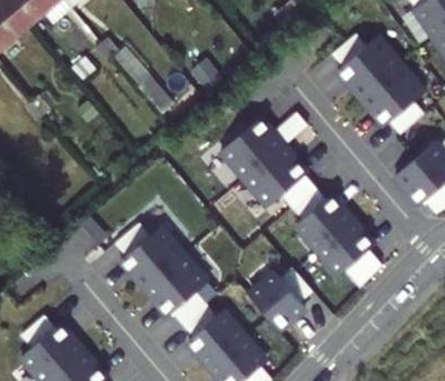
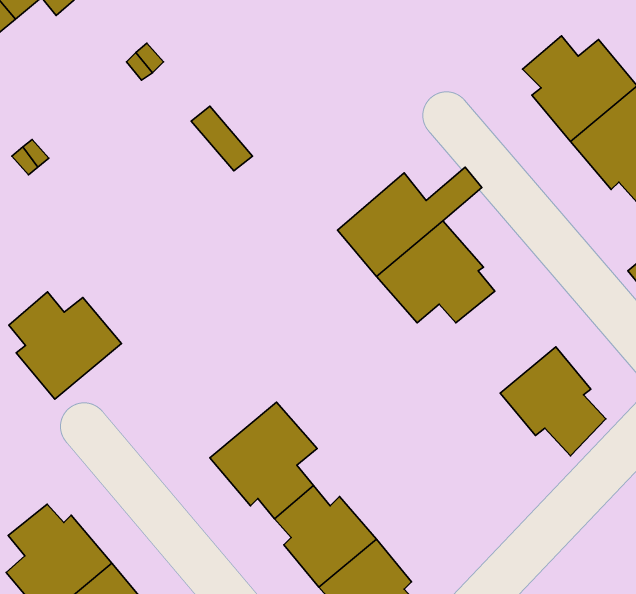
building: [291,188,352,249] -> none
building: [116,223,184,288] -> [9,292,122,399]
building: [249,268,313,329] -> none

